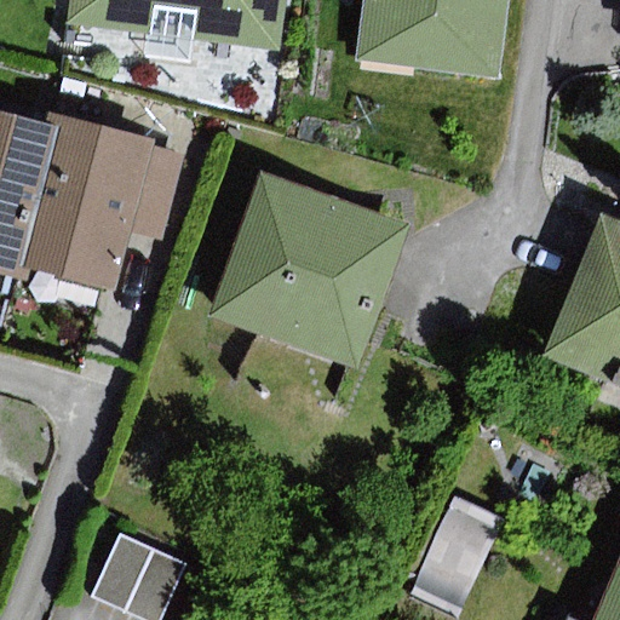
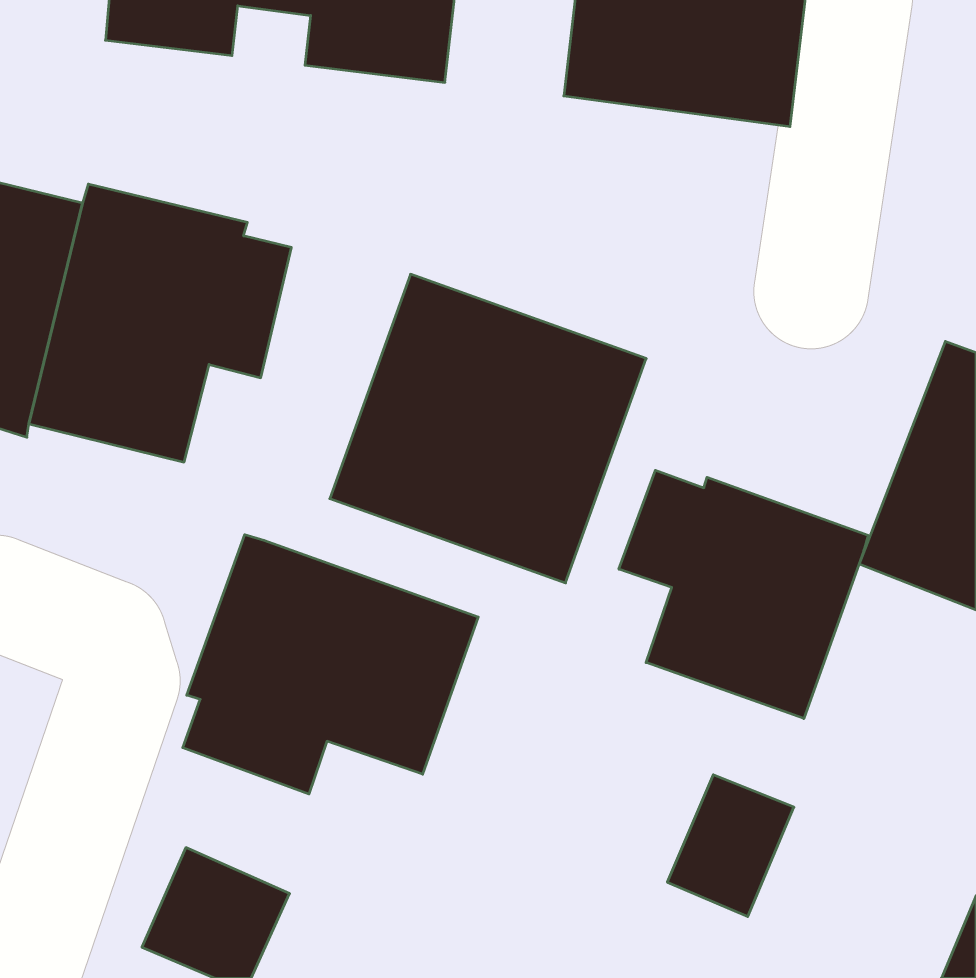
building: none -> [619,470,868,719]
building: none -> [183,535,478,794]

